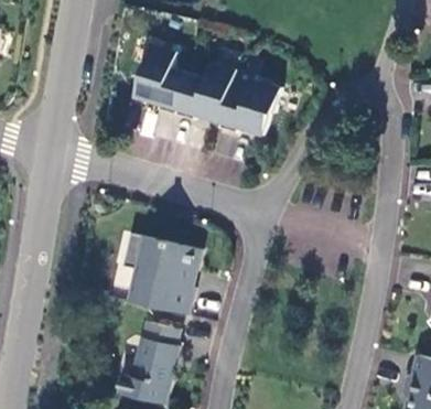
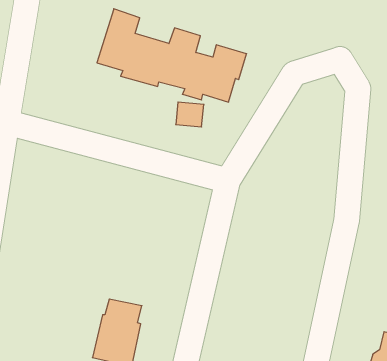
building: [122,235,201,316] -> none

